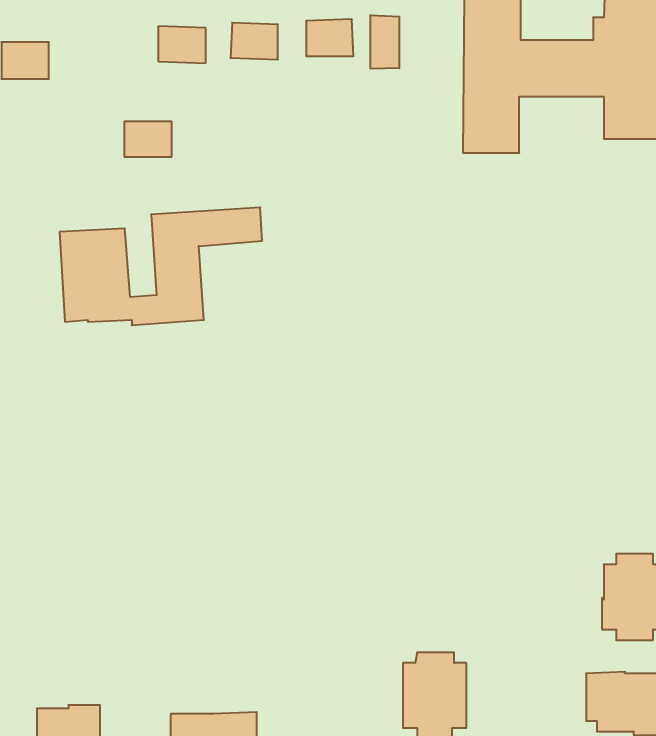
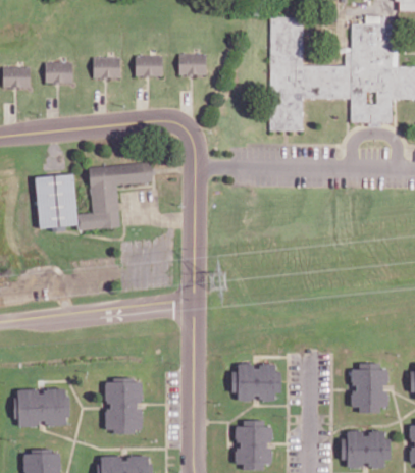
building: [370,15,399,69] -> none
building: [124,122,172,157] -> [45,62,72,83]
building: none -> [232,363,280,401]
building: none -> [104,379,142,432]
building: none -> [17,387,68,427]

